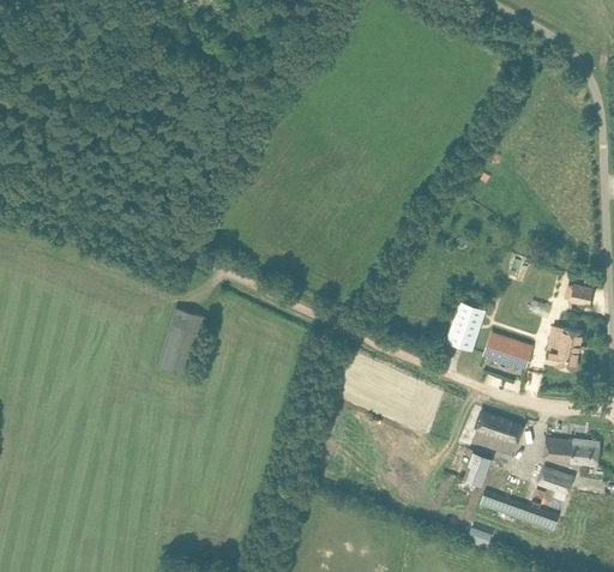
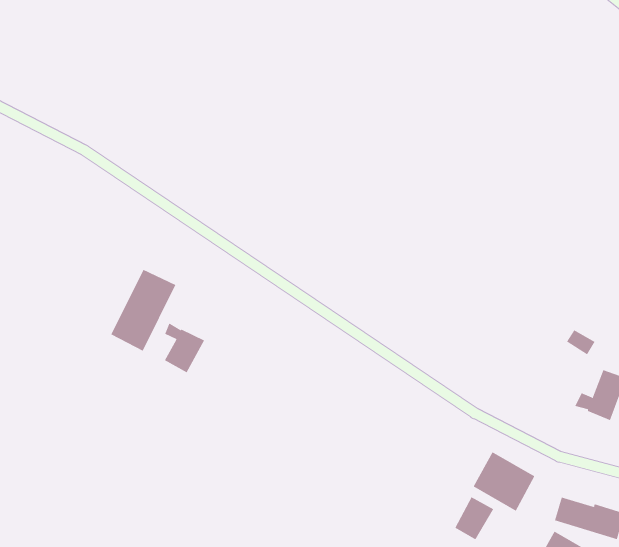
building: [447,301,484,349] -> none
building: [484,335,531,367] -> none
building: none -> [164,323,205,373]

